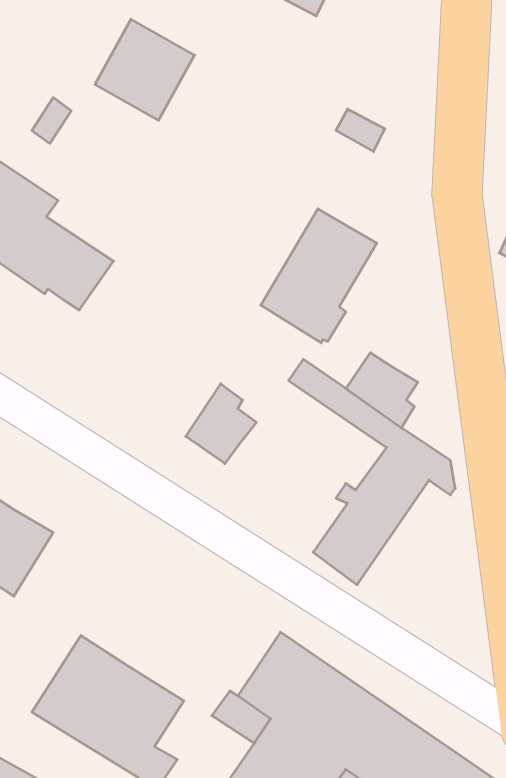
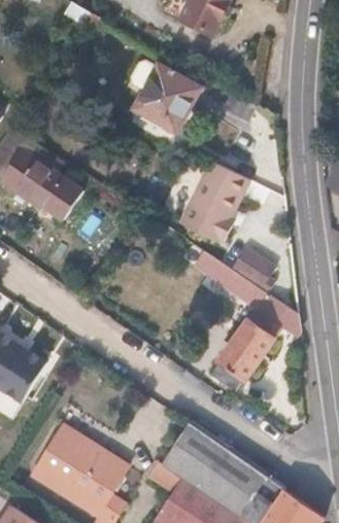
building: [95,19,195,120] -> [136,66,199,130]
building: [186,384,256,464] -> none

